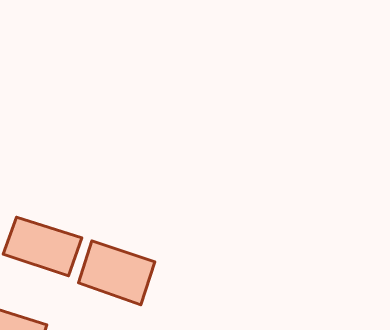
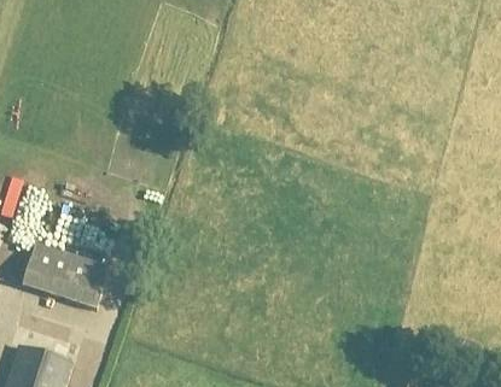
building: [79,241,155,305] -> none

